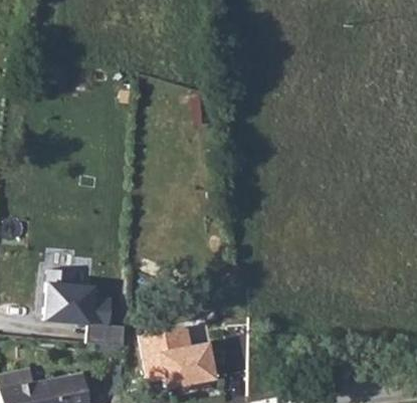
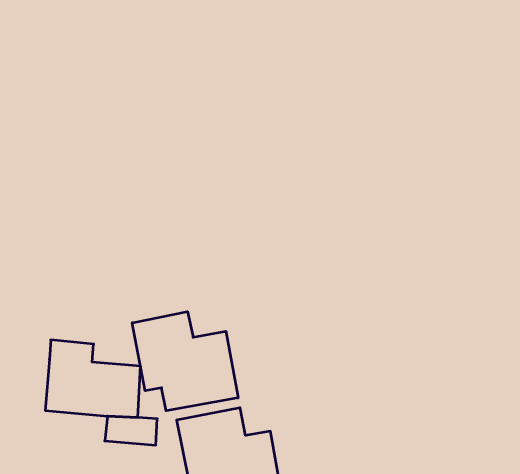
building: none -> [132,312,238,411]

